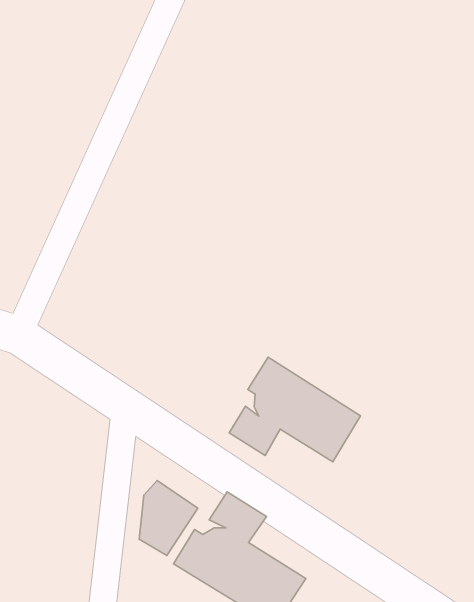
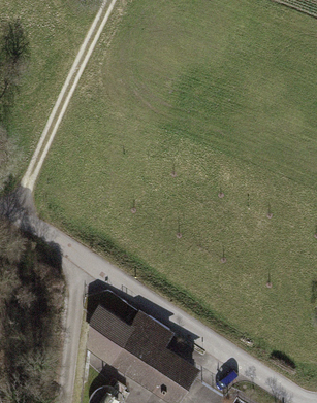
building: [229,357,360,462] -> none

